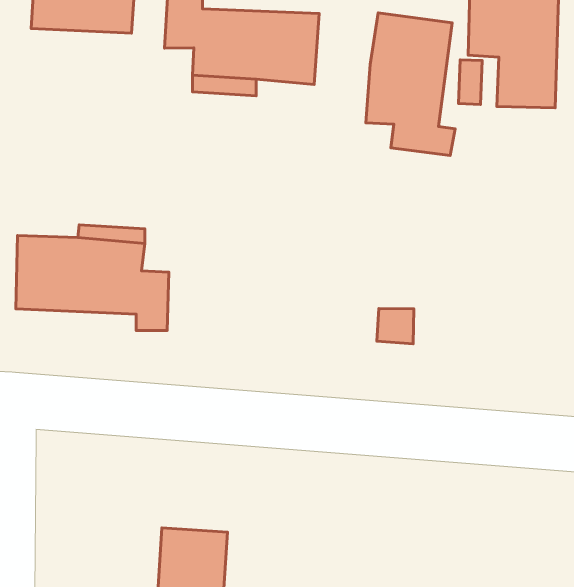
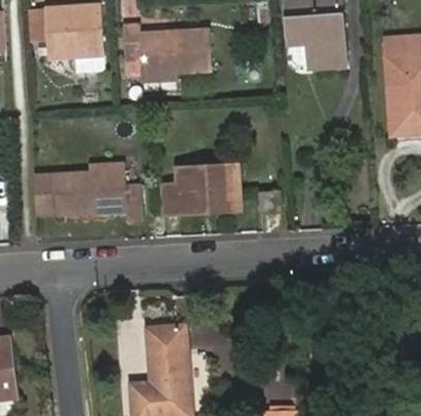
building: [366,13,455,156] -> none
building: none -> [159,163,237,212]

